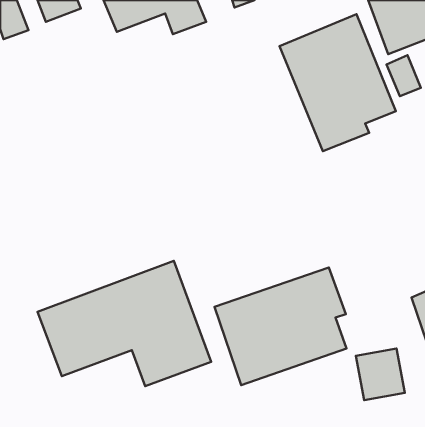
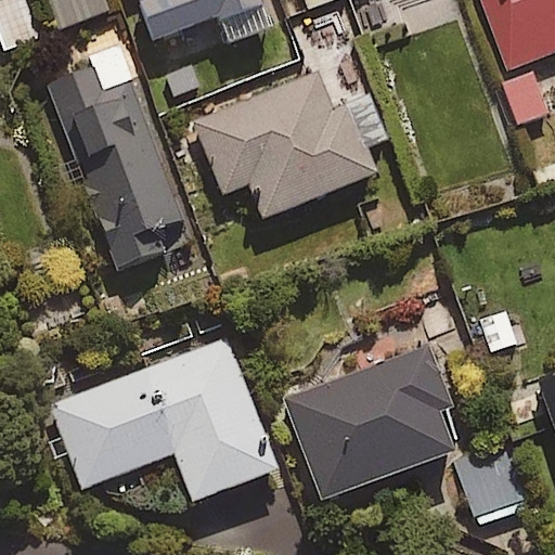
building: [280,14,396,151] -> none
building: none -> [50,54,190,270]
building: none -> [192,70,385,218]

